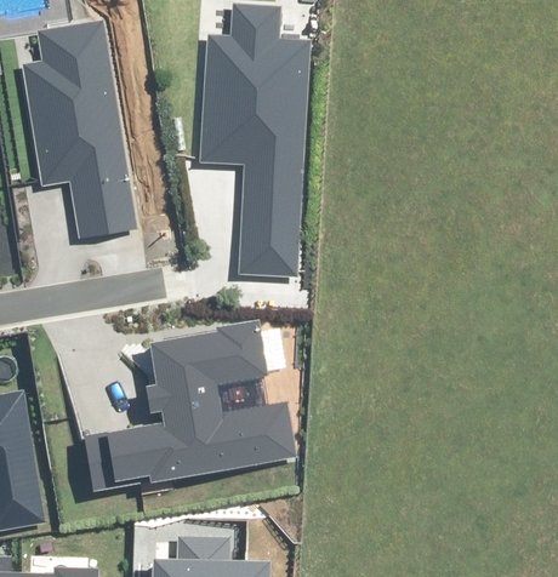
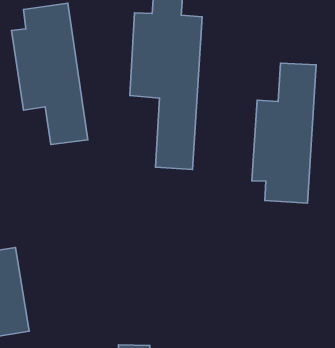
building: none -> [252,63,316,203]
building: [95,330,295,485] -> none

